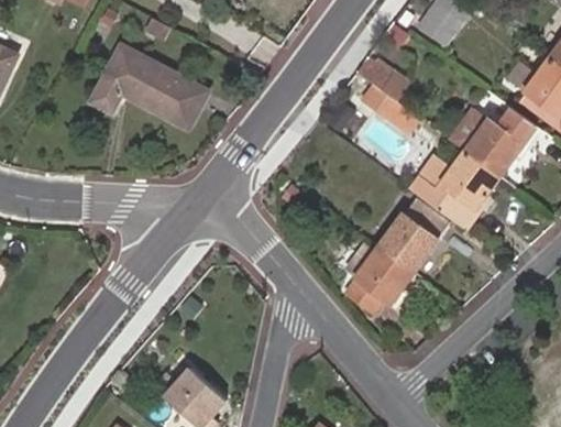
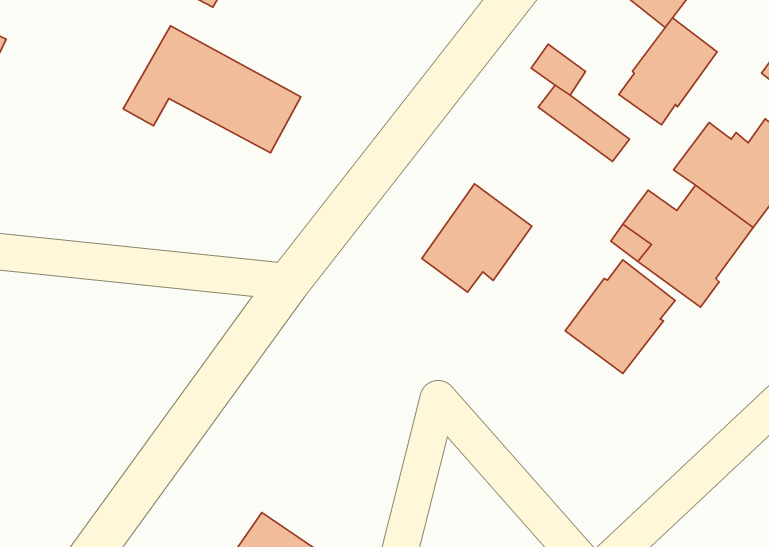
building: none -> [619,18,717,125]
building: [345,244,417,315] -> [422,184,532,292]

